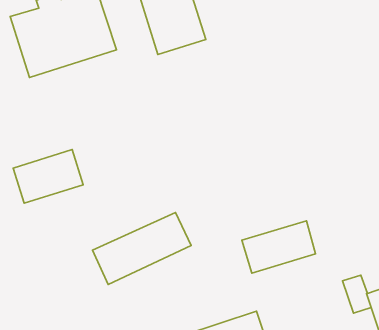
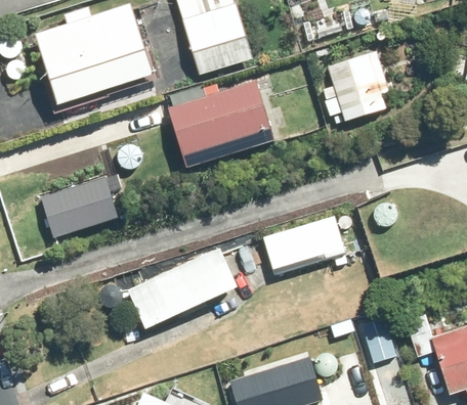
building: none -> [328,53,388,106]
building: none -> [168,80,274,165]
building: [242,221,316,273] -> [262,218,344,276]

